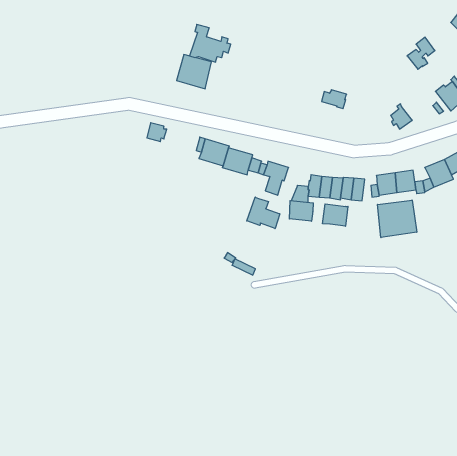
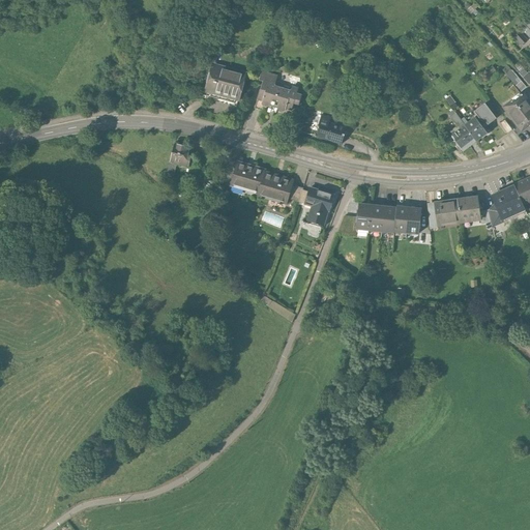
building: [190,24,231,62] -> [255,69,302,113]
building: [407,37,435,69] -> [465,101,497,139]
building: [322,90,347,109] -> [318,120,347,142]
building: [247,197,280,229] -> none
building: [378,200,417,238] -> none
building: [289,201,313,221] -> none
building: [323,204,348,226] -> none

